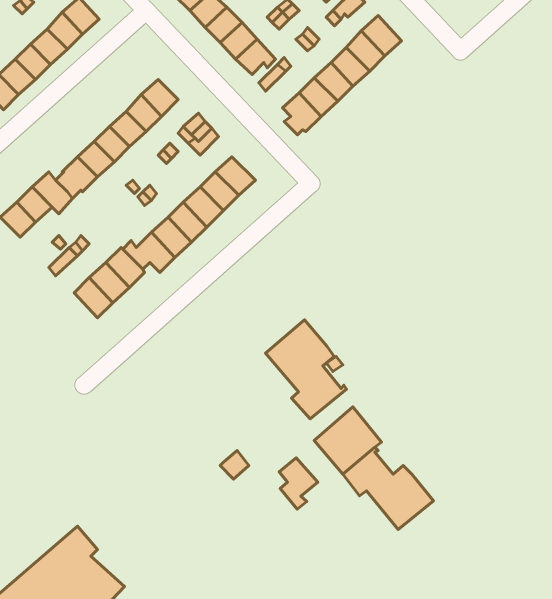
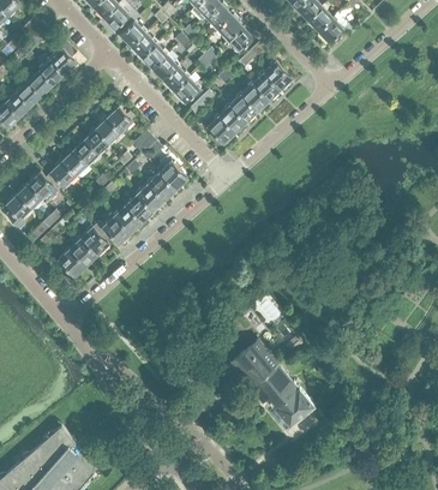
building: [266,320,346,419] -> none
building: [279,458,318,509] -> none

